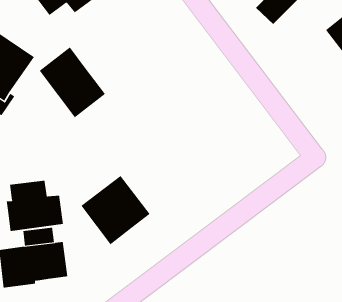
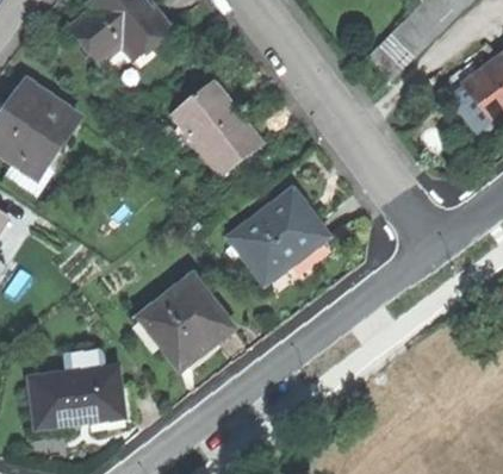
building: [39,46,106,118] -> [172,81,261,176]
building: none -> [231,193,325,283]
building: [6,180,63,232] -> none

